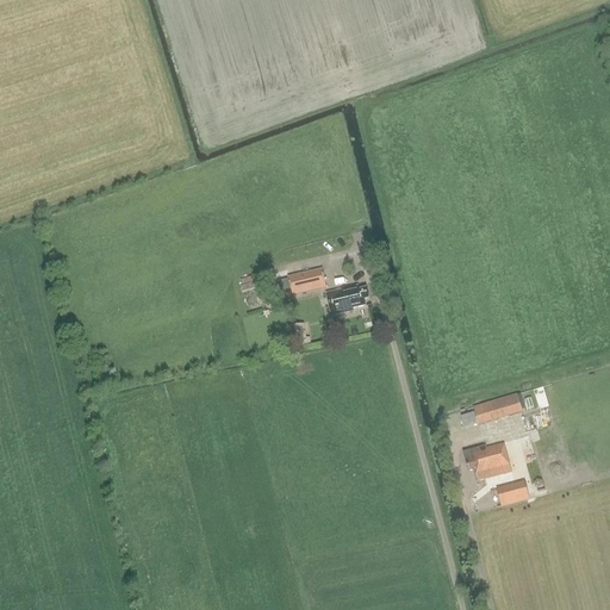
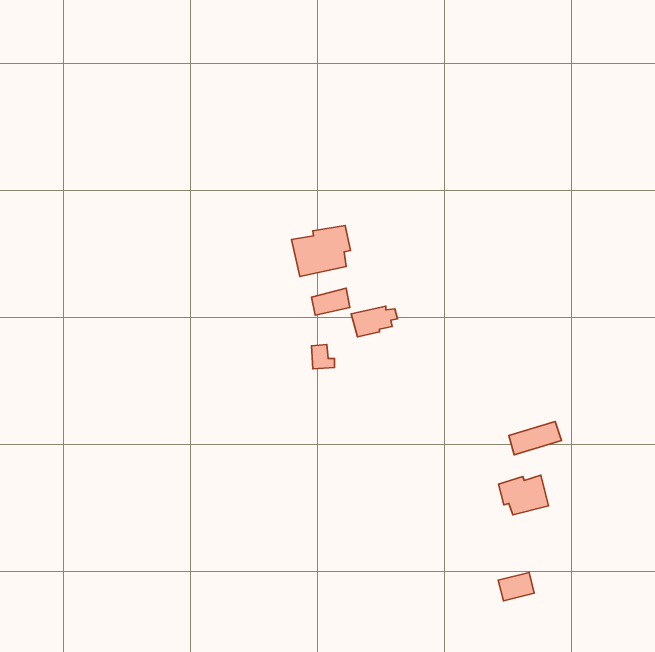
building: none -> [292,226,351,277]
building: [497,479,530,505] -> [498,573,534,601]

